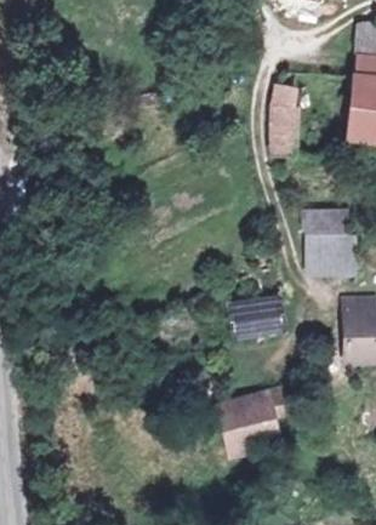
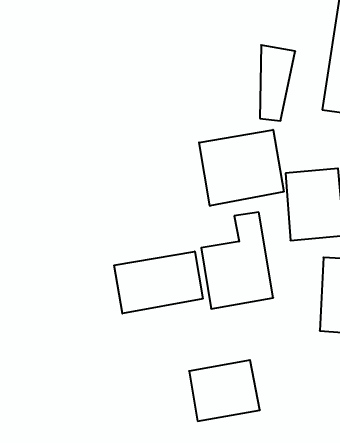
building: none -> [199,130,284,206]
building: none -> [114,251,203,314]

